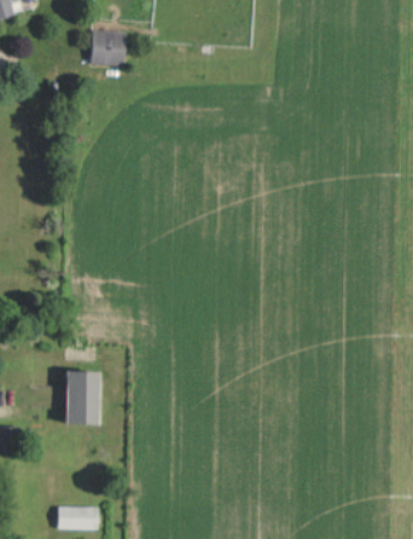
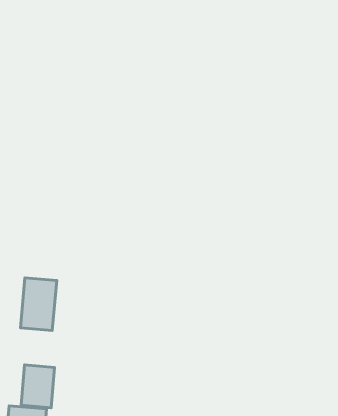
building: none -> [21,365,55,408]

